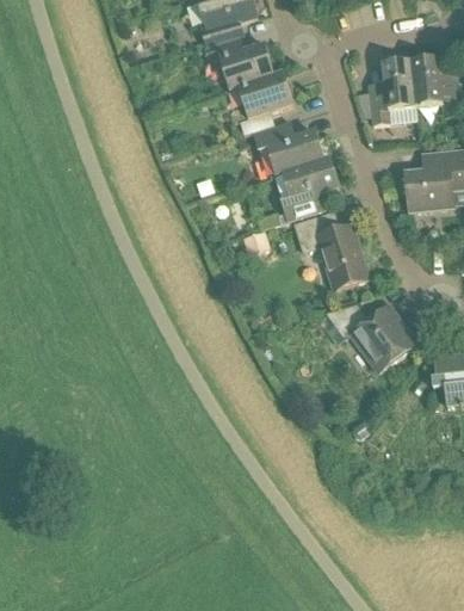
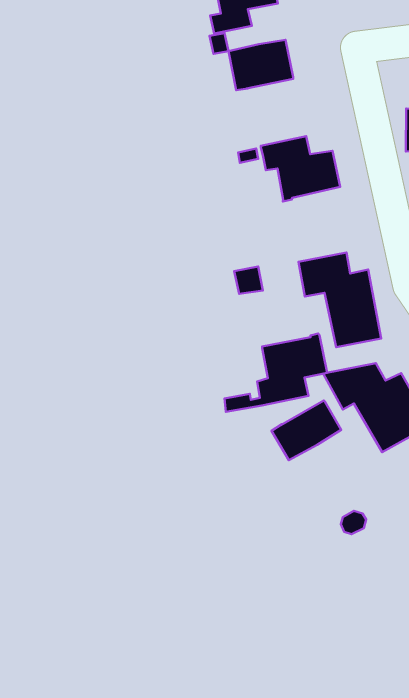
building: [231,70,293,122] -> none
building: [258,155,339,227] -> [224,333,327,412]
building: none -> [271,401,341,460]

